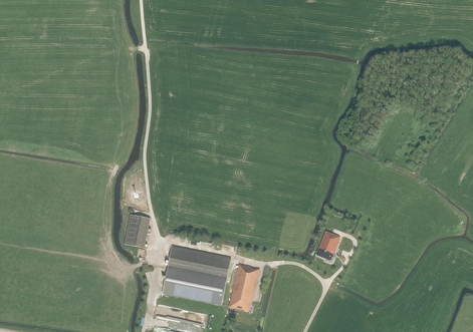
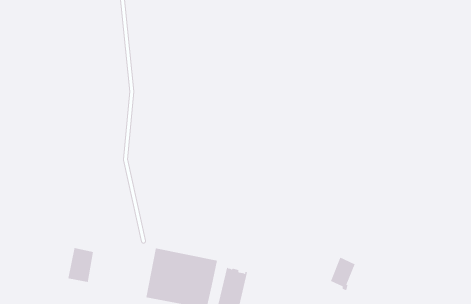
building: [125,214,150,247] -> [67,248,94,283]
building: [316,230,340,262] -> [330,257,356,291]

